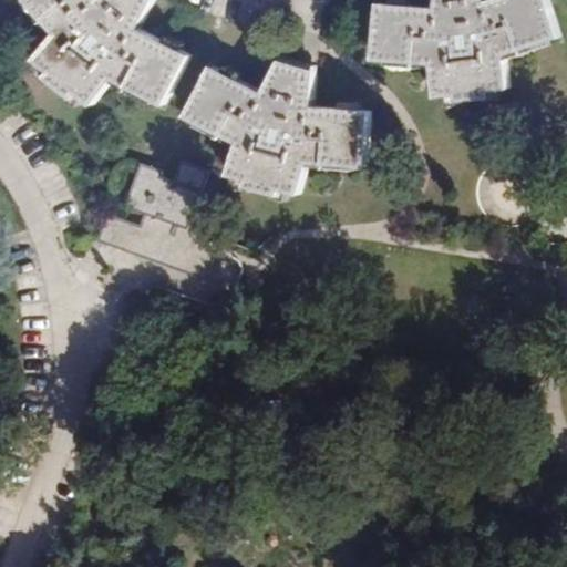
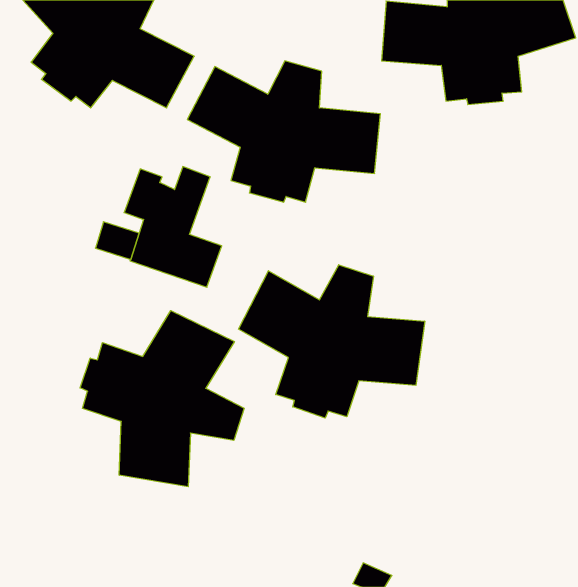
building: none -> [239,265,425,418]
building: none -> [80,311,244,487]

